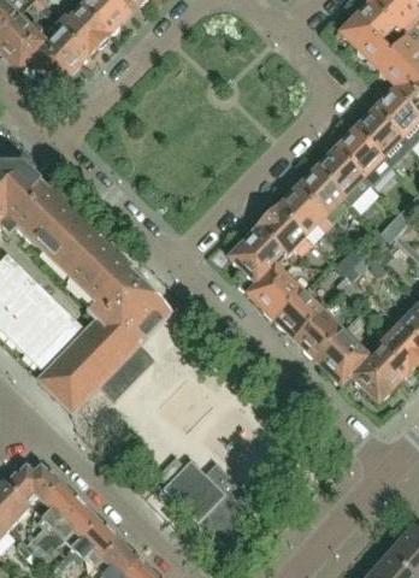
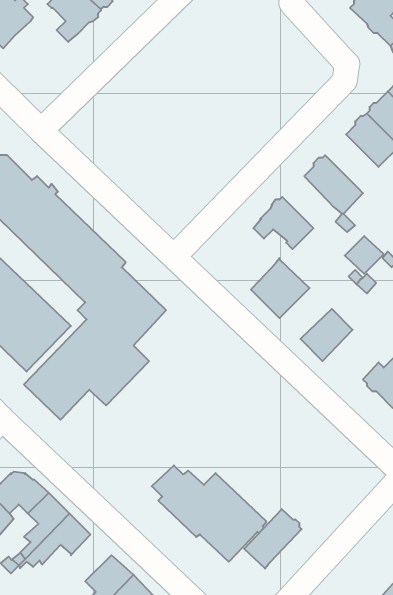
building: [29,31,78,84] -> none
building: [315,148,370,202] -> none
building: [276,187,324,235] -> none
building: [228,235,284,283] -> none
building: [273,290,321,337] -> none
building: [313,329,368,384] -> none
building: none -> [244,509,302,569]
building: [55,518,118,567] -> none

